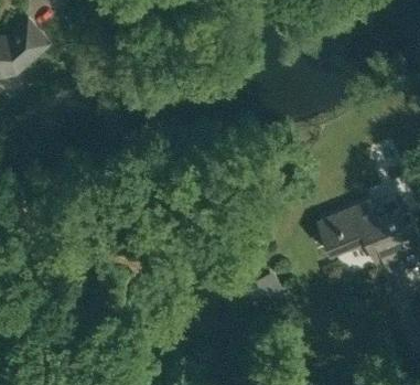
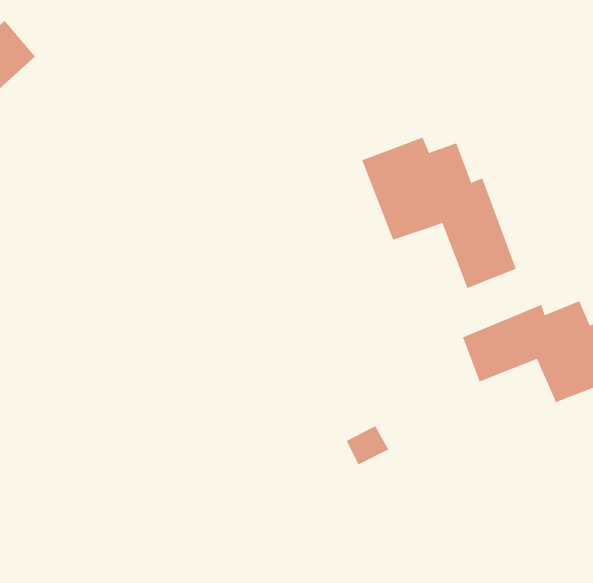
building: none -> [361,137,516,289]

